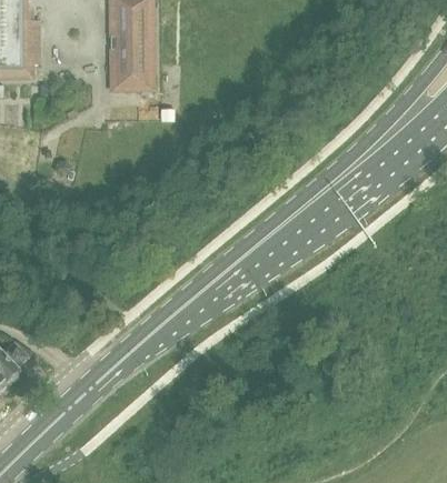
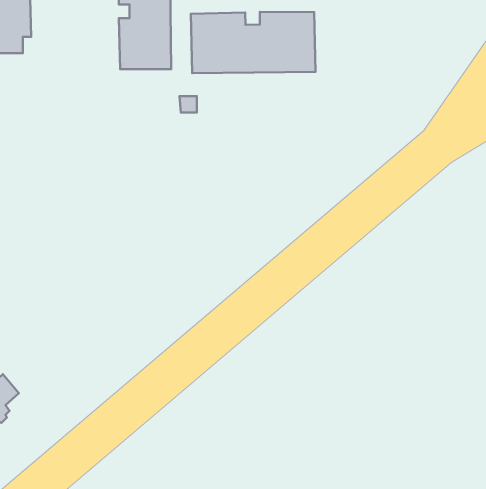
building: none -> [191,12,316,73]

